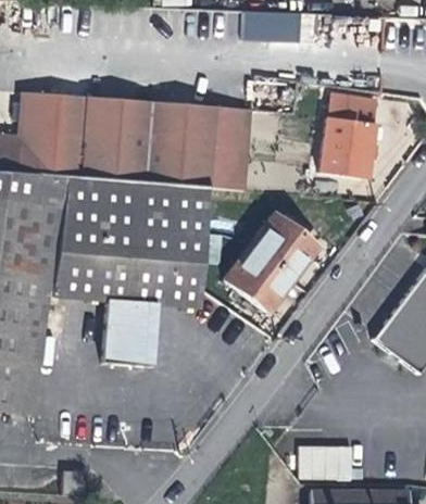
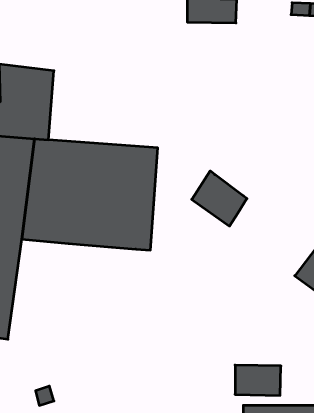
building: [318,96,377,179] -> none
building: [82,97,253,190] -> none
building: [225,249,296,322] -> none
building: [100,301,156,368] -> none

